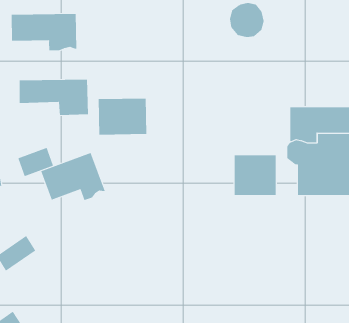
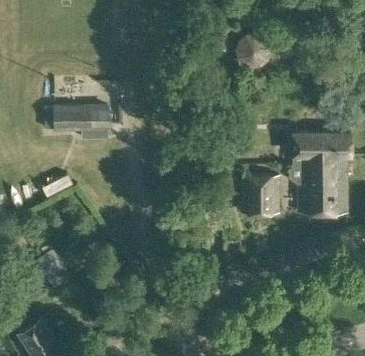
building: [11,13,77,51] -> none
building: [98,98,147,135] -> none
building: [40,152,105,201] -> none

